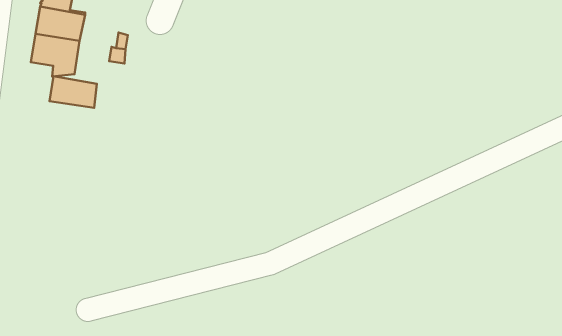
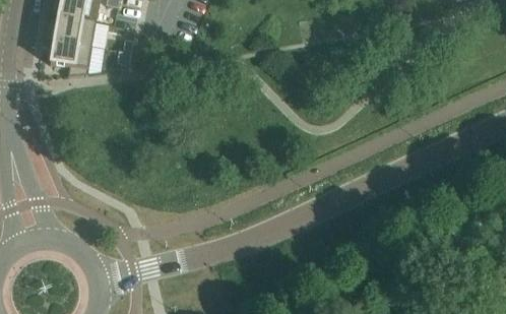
building: [49,76,97,108] -> none

